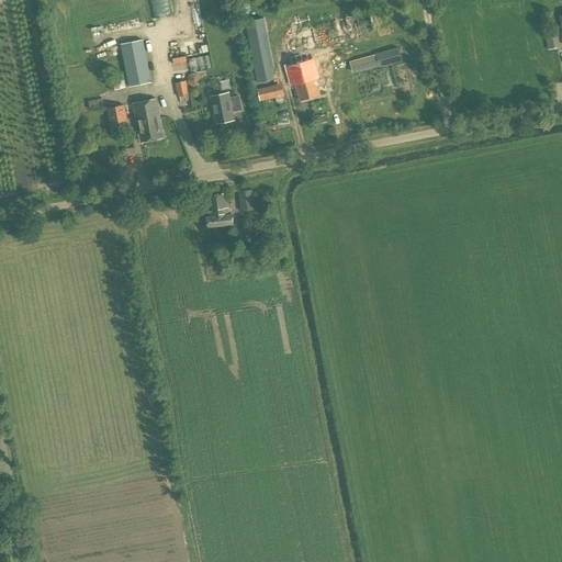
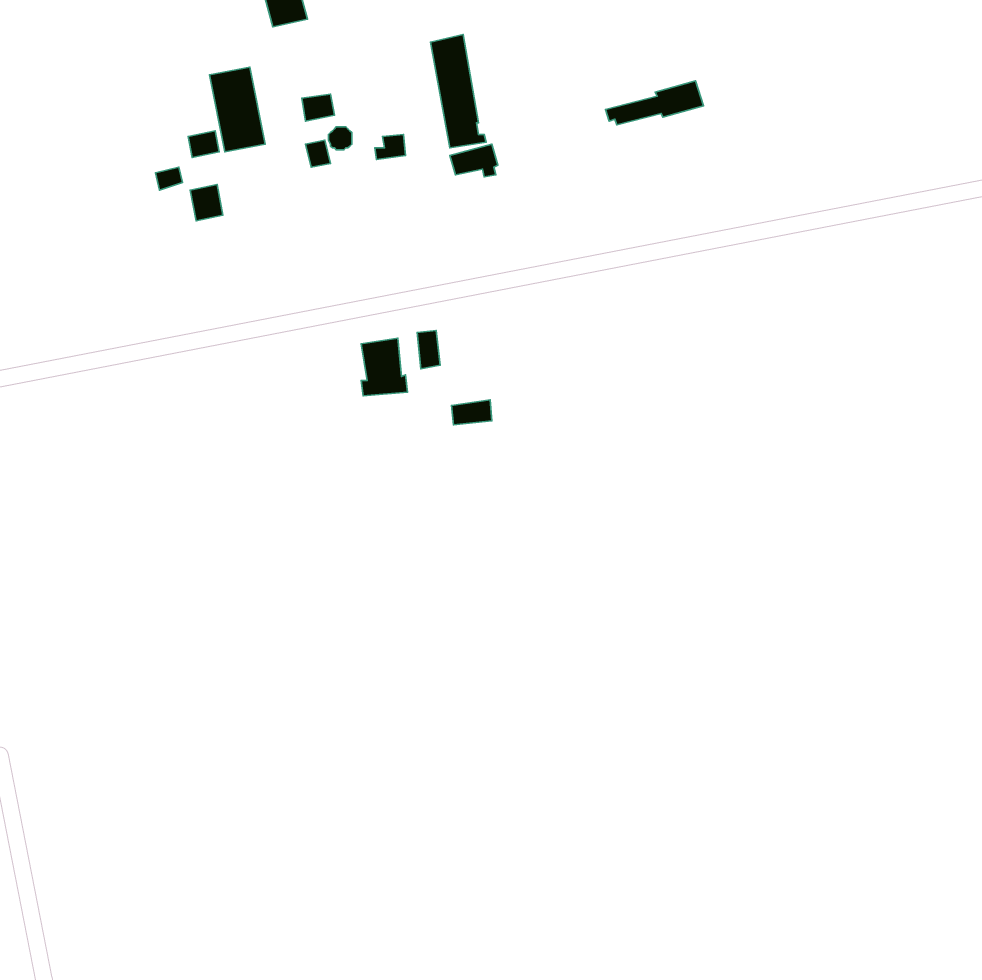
building: [288,60,331,101] -> none
building: [211,92,234,123] -> none
building: [133,99,164,142] -> none

